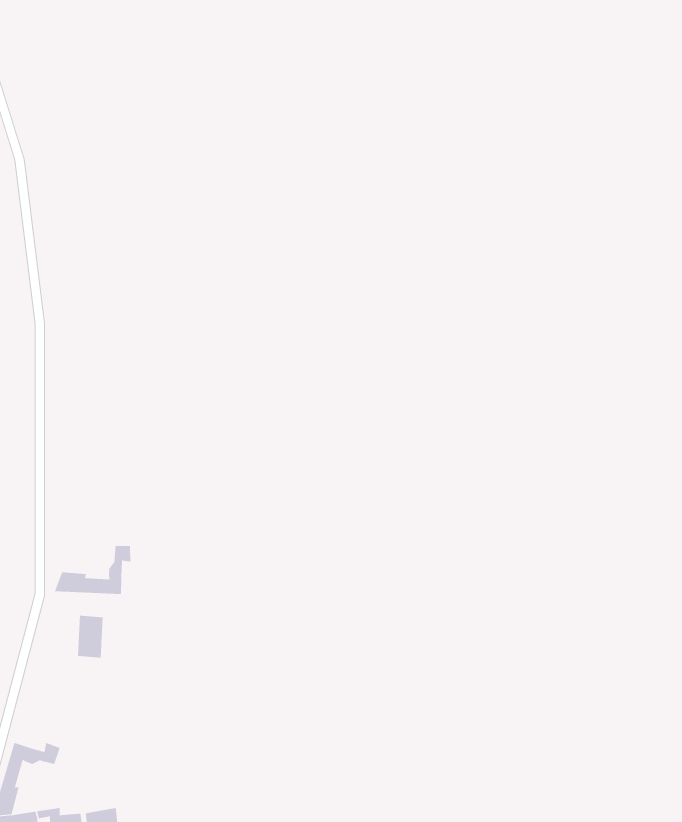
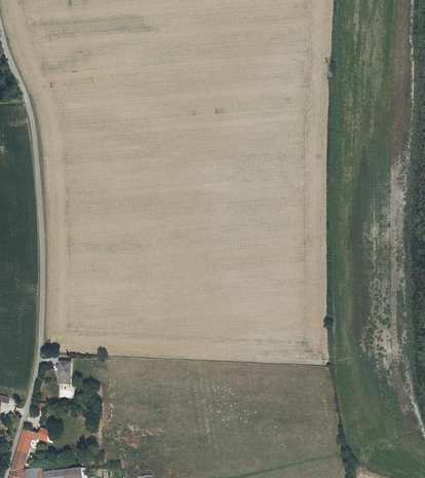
building: [54,545,131,595] -> none

